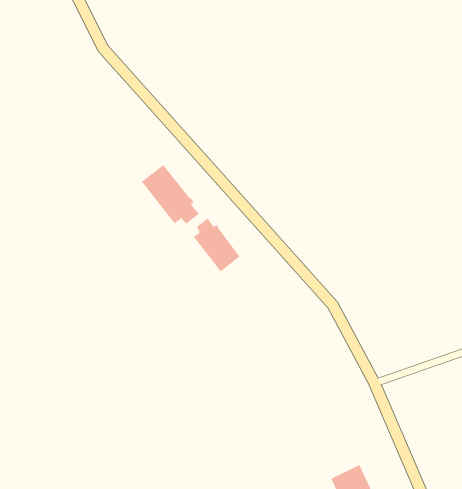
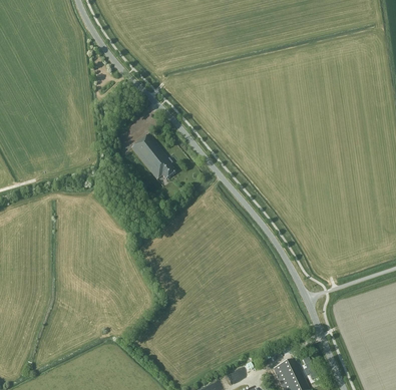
building: [193,218,241,272] -> none

